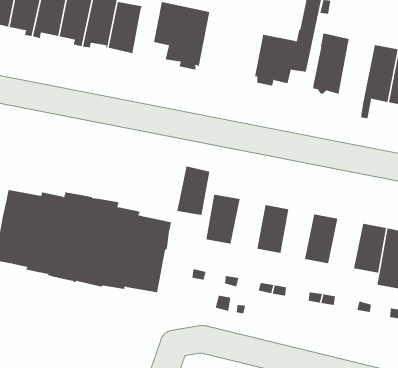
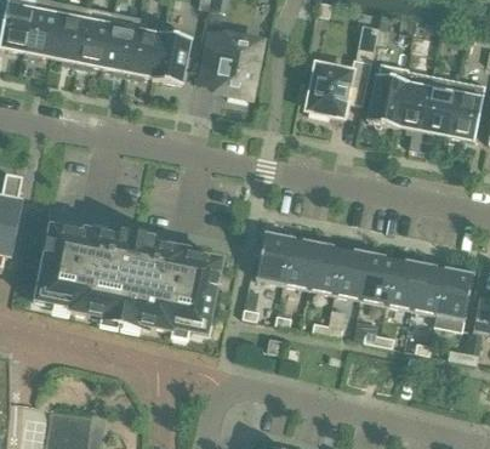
building: none -> [395,68,432,150]
building: [176,166,210,216] -> [283,235,318,288]
building: none -> [335,246,369,299]
building: none -> [384,256,420,308]

